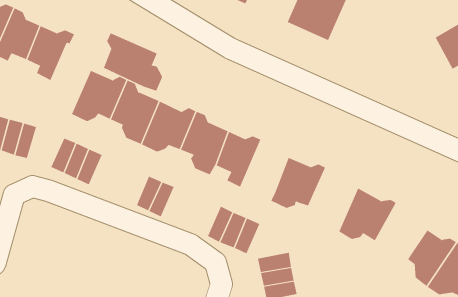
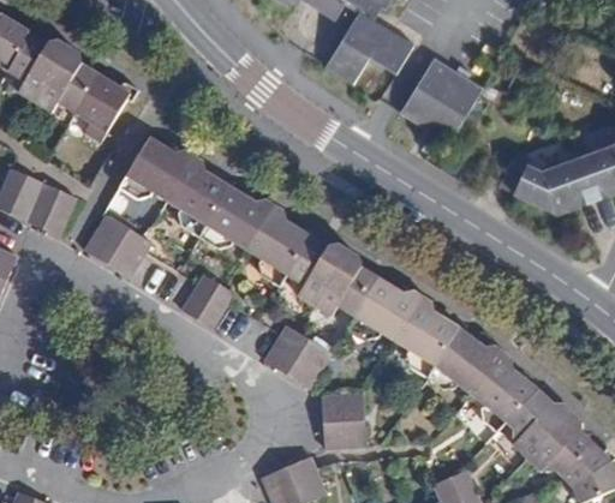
building: [103,33,163,92] -> none
building: none -> [513,155,593,210]
building: none -> [314,250,377,317]
building: none -> [394,295,458,376]
building: none -> [470,351,536,431]

